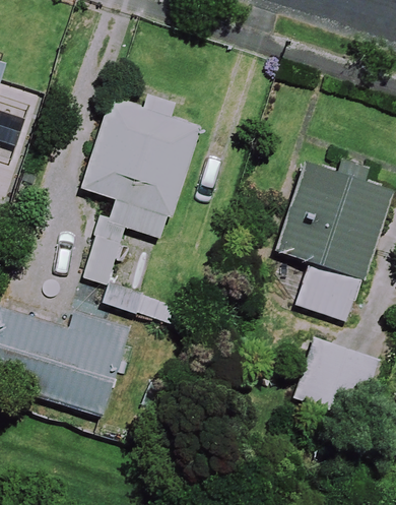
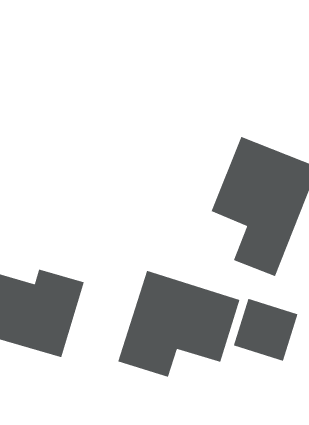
building: [81,97,198,282] -> none
building: none -> [117,270,241,378]

